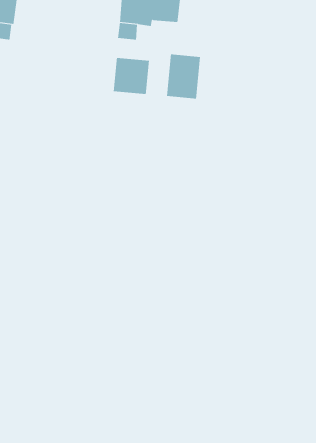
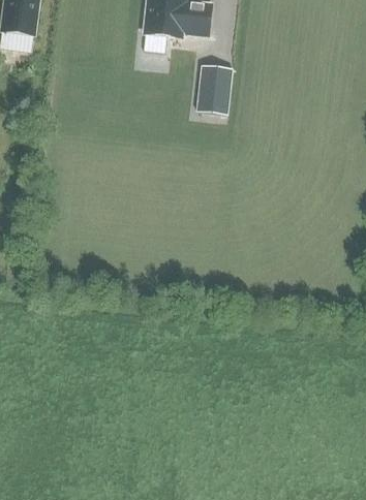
building: [113,57,150,95] -> none

